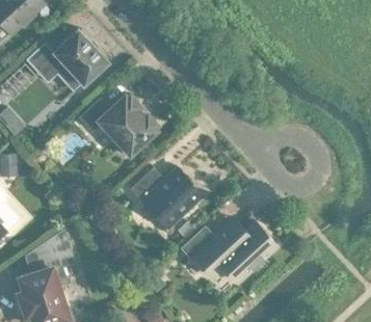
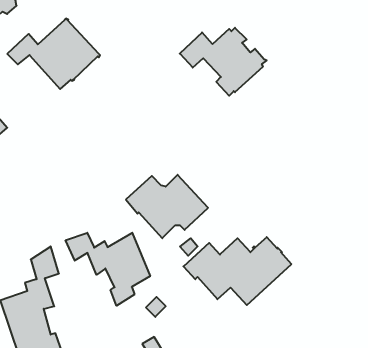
building: [80,96,157,156] -> [180,28,267,96]
building: none -> [66,233,150,306]

